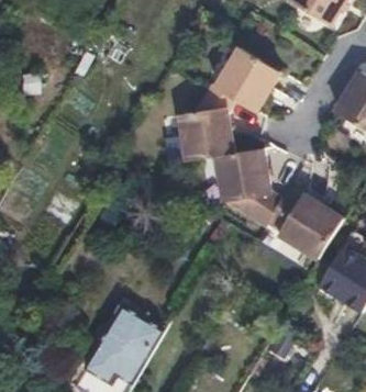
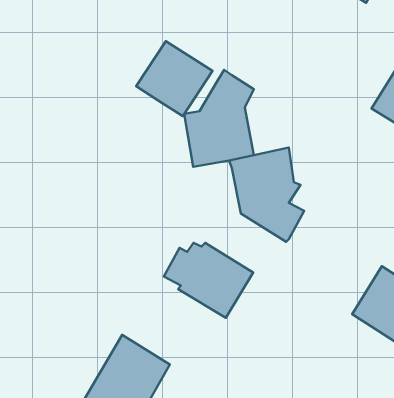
building: [217,46,281,110] -> [136,41,212,116]
building: [265,195,341,259] -> [164,243,253,318]

